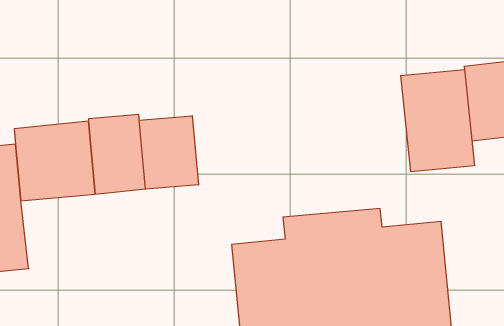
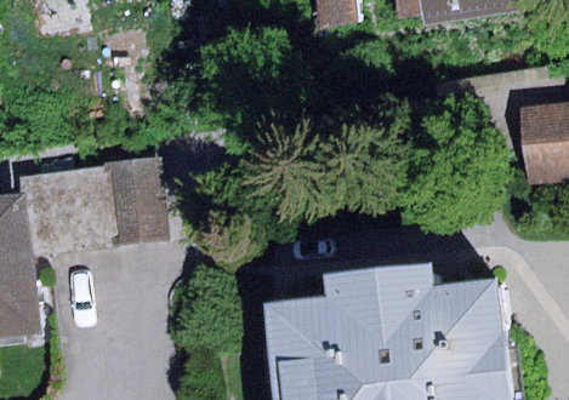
building: [401,69,474,172] -> none
building: [139,116,198,189] -> none

